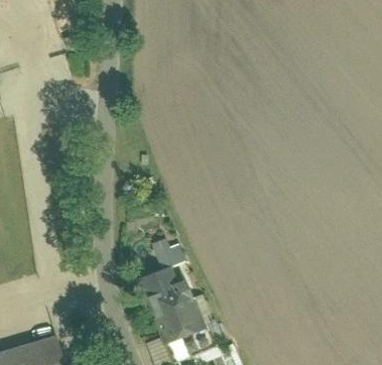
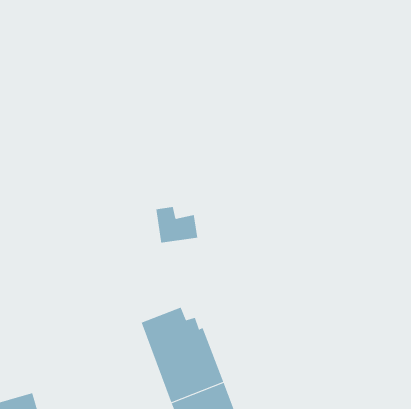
building: [147,240,180,268] -> [155,207,198,243]

